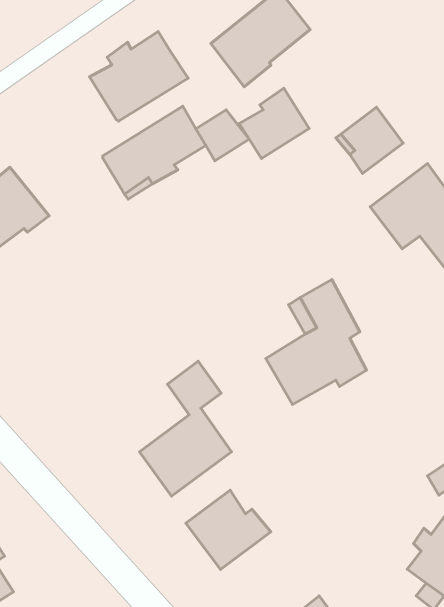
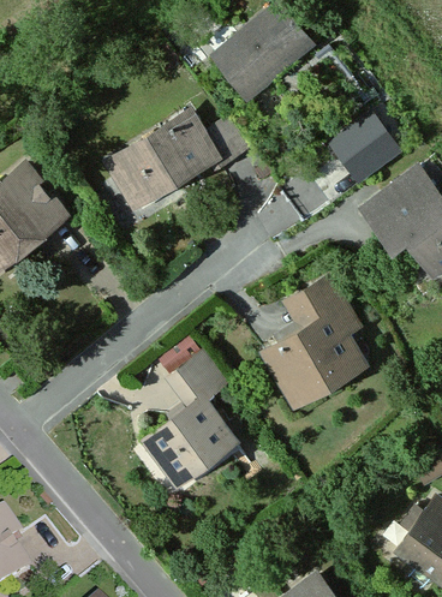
building: [89,32,188,121] -> none
building: [239,88,309,159] -> none
building: [186,490,271,570] -> none

